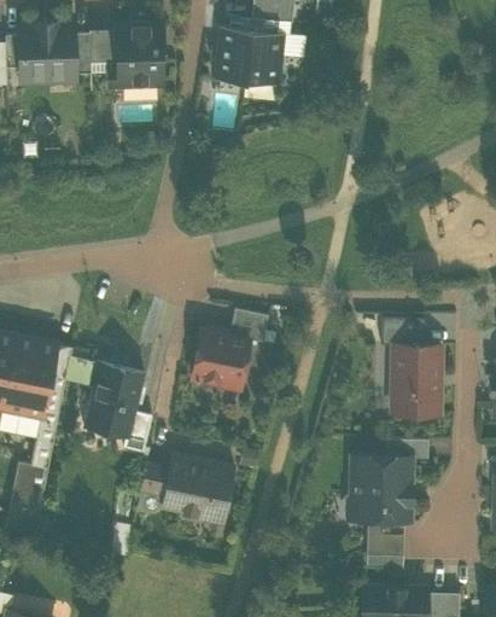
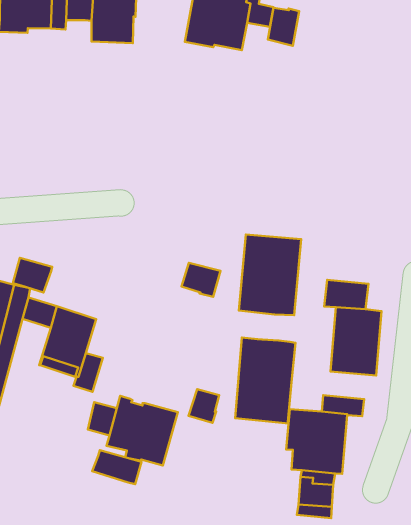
building: none -> [268,8,299,46]
building: none -> [239,234,301,315]
building: none -> [13,258,52,292]
building: [192,331,249,388] -> none
building: none -> [235,337,295,423]
building: none -> [188,389,219,423]
building: none -> [92,450,141,484]

